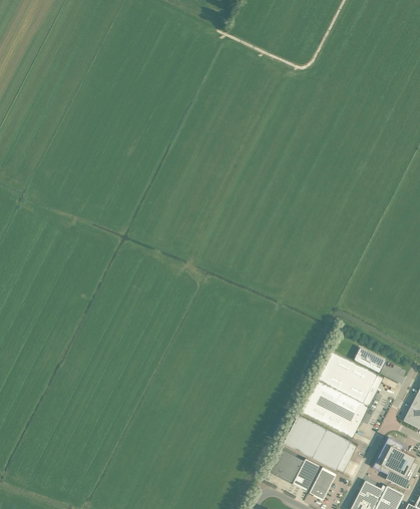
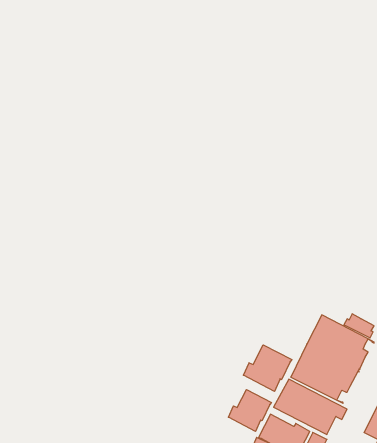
building: none -> [243,345,292,391]
building: none -> [228,390,271,431]

